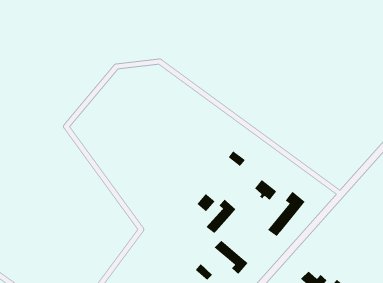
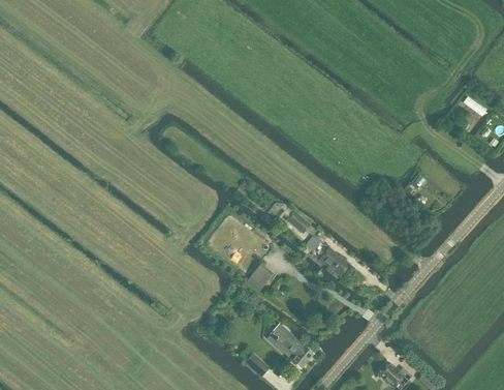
building: [267,191,305,237] -> none
building: [206,199,236,234] -> none

